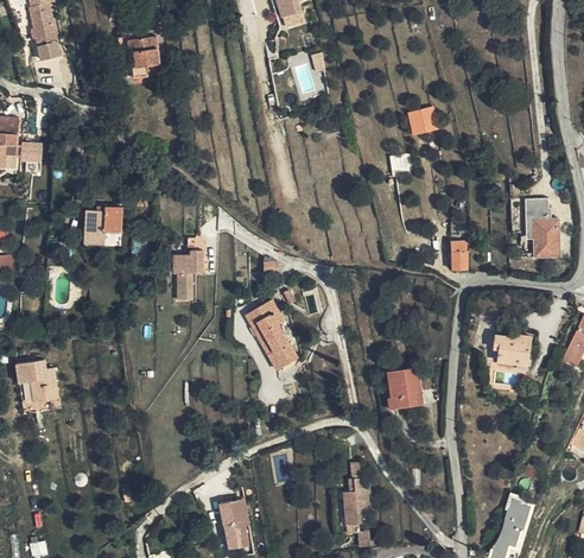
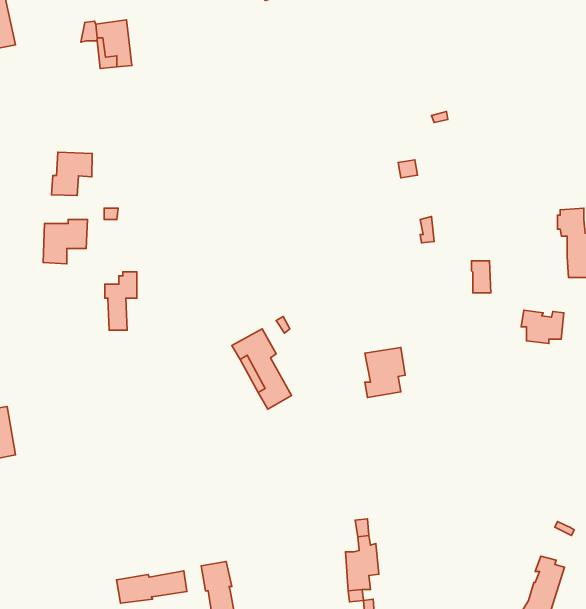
building: none -> [51,152,92,195]
building: [174,251,202,300] -> [105,272,137,330]
building: [494,335,531,363] -> [521,310,564,343]
building: [387,367,421,410] -> [365,348,405,397]
building: none -> [117,571,187,603]

